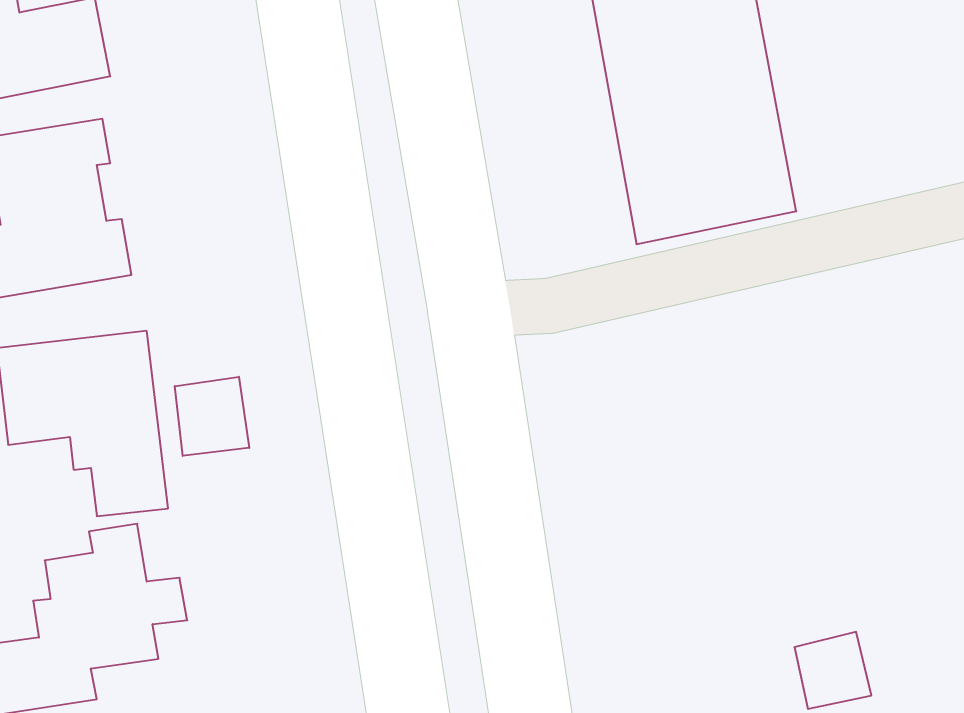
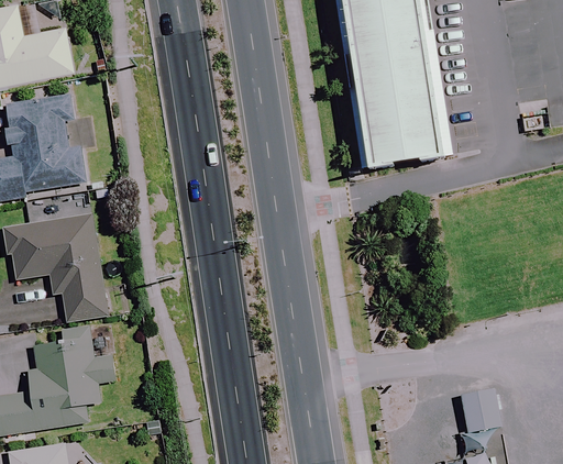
building: [175,377,249,456] -> none

